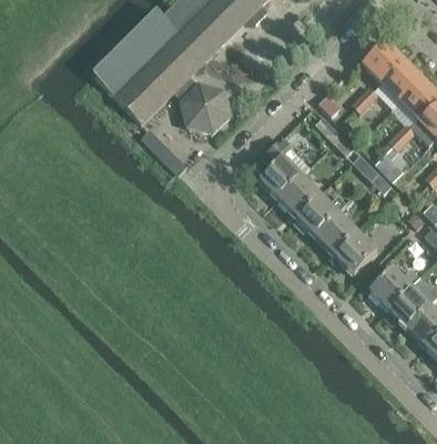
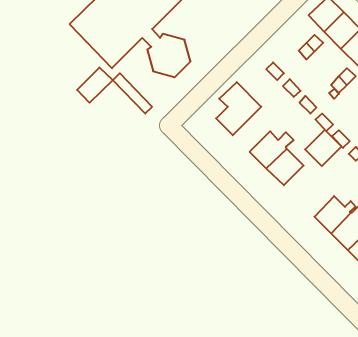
building: none -> [77,67,113,103]
building: [277,174,319,216] -> none
building: [335,232,376,273] -> [305,130,341,166]

